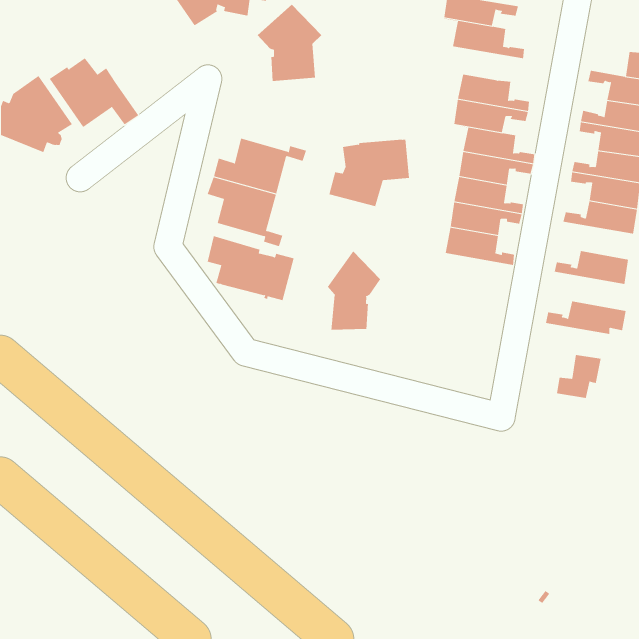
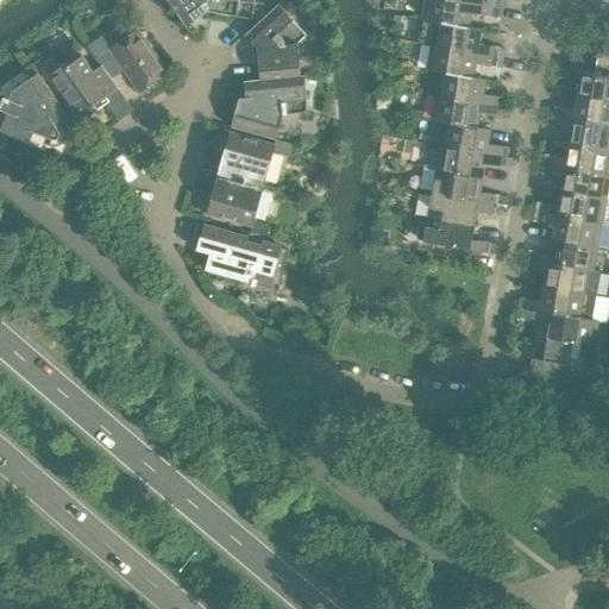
building: none -> [88,29,168,90]
building: none -> [427,44,498,76]
building: [328,139,410,207] -> [231,74,308,138]
building: none -> [534,211,603,246]
building: [327,250,381,331] -> none
building: none -> [526,258,601,295]
building: none -> [516,307,599,345]

